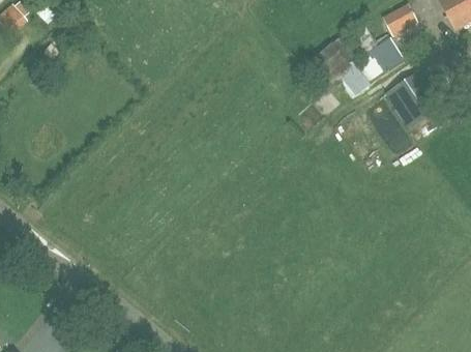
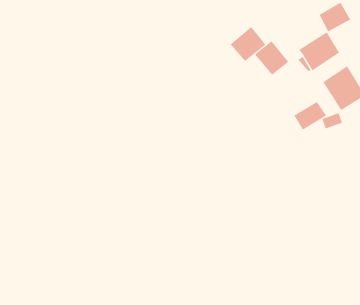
building: none -> [230,26,266,62]
building: none -> [294,101,327,131]

